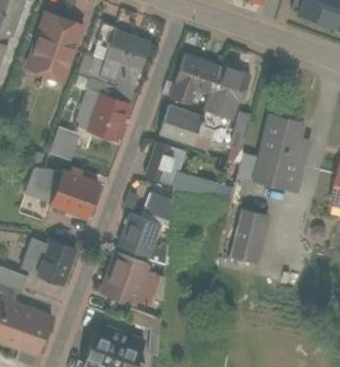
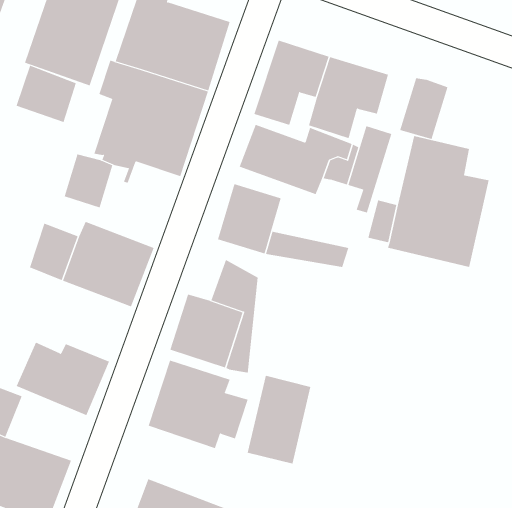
building: none -> [16,65,77,123]
building: none -> [400,77,448,140]
building: [228,208,268,263] -> [247,375,311,464]

